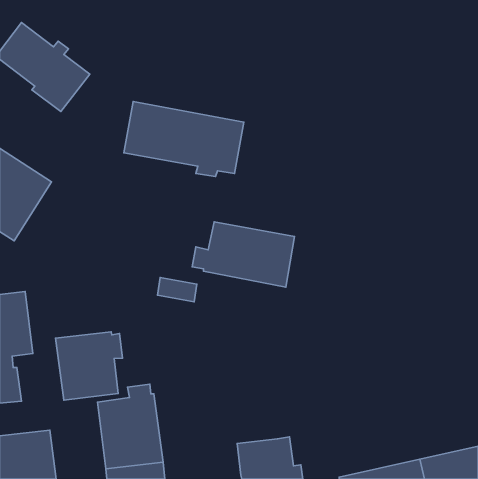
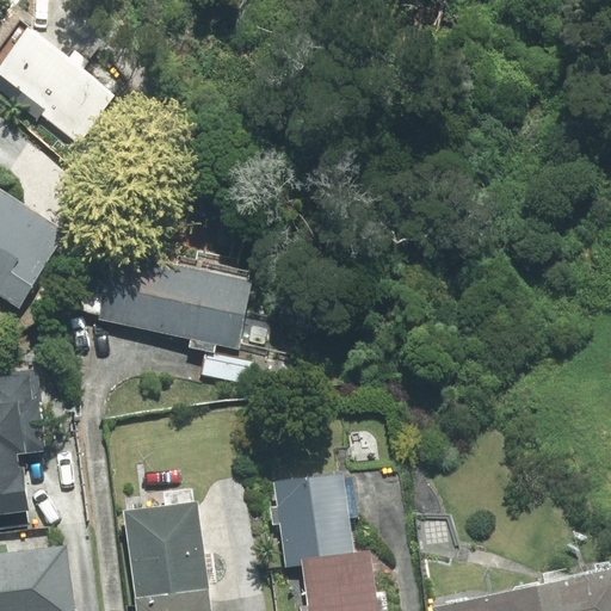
building: [124,101,244,176] -> [95,255,248,351]
building: [192,222,294,287] -> none
building: [56,332,123,400] -> none
building: none -> [269,474,359,567]

